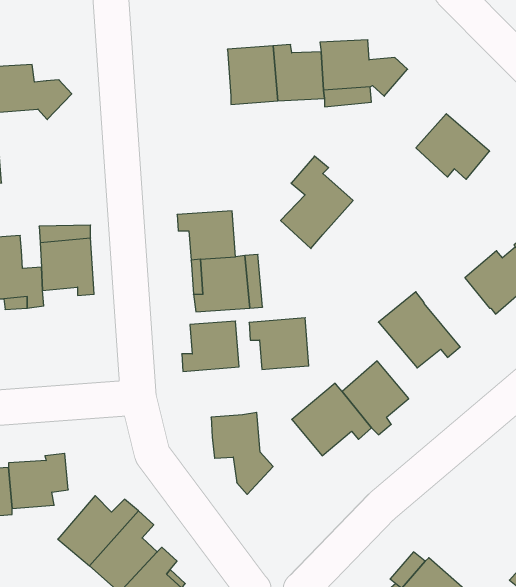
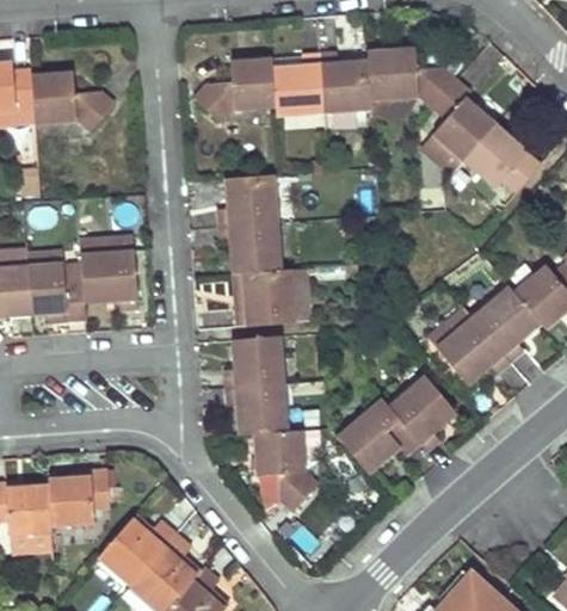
building: none -> [193,58,275,123]
building: [281,156,353,249] -> [420,79,494,173]
building: none -> [218,175,276,227]
building: none -> [472,285,538,362]
building: [249,318,309,369] -> [226,382,286,434]

